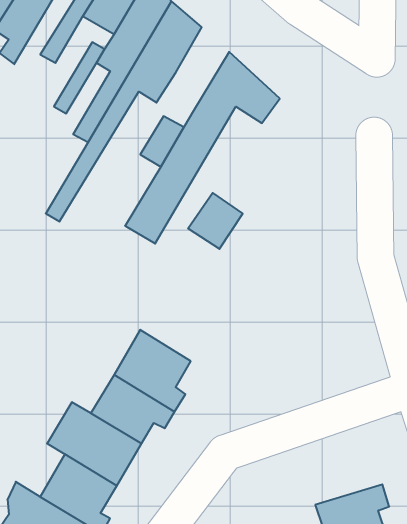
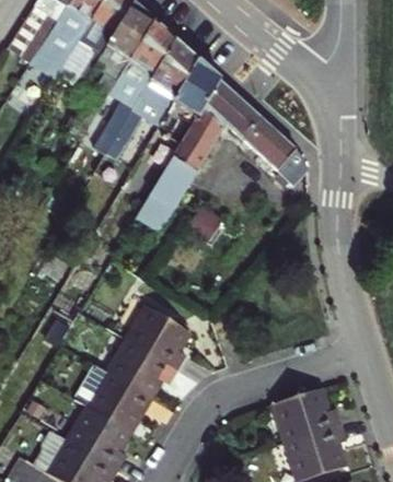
building: none -> [175,60,220,127]
building: none -> [246,117,300,166]
building: none -> [277,389,343,442]

